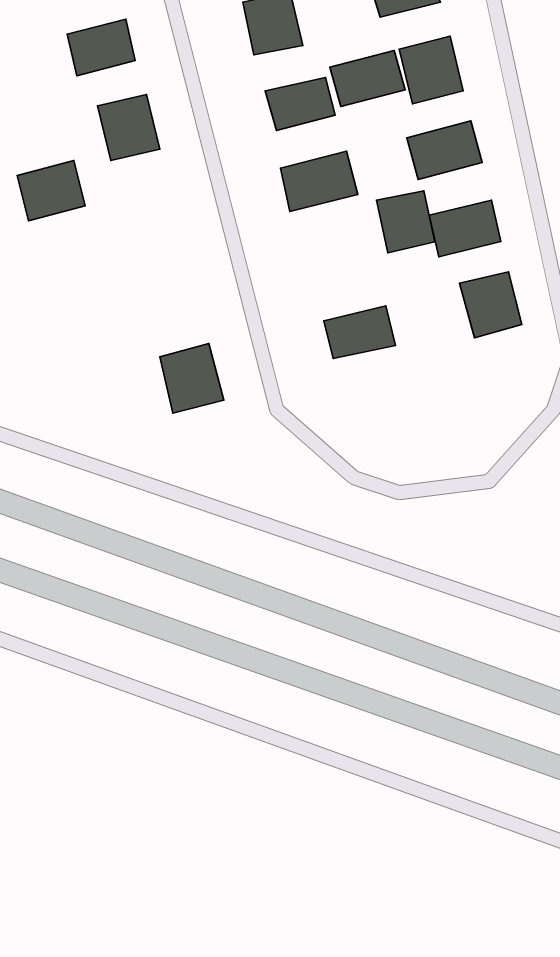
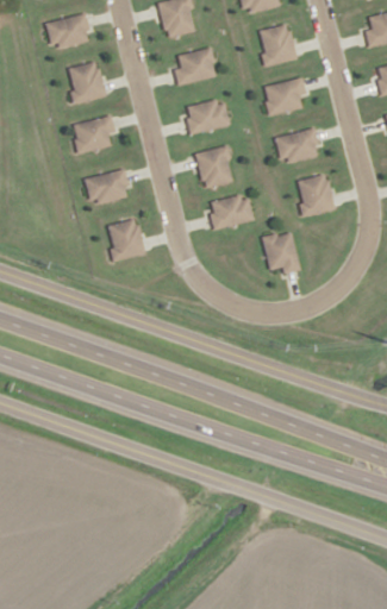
building: [330,51,405,106] -> none
building: [17,160,85,221] -> [73,114,116,152]
building: [377,191,435,253] -> [195,146,232,186]
building: none -> [86,168,130,205]
building: none -> [263,230,299,276]

